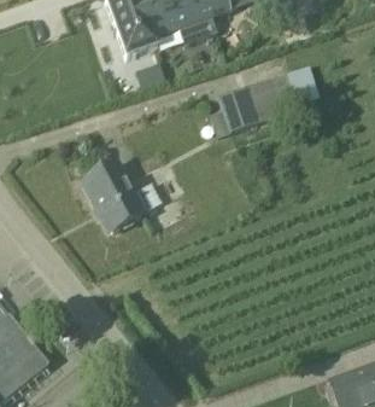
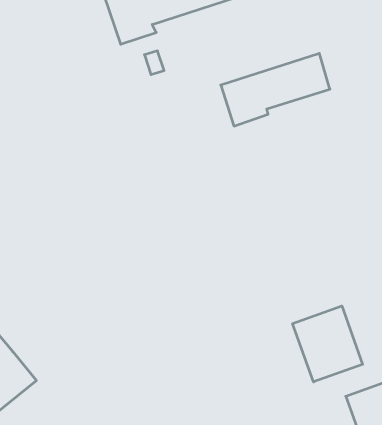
building: [80,161,162,233] -> none
building: none -> [293,306,363,382]

